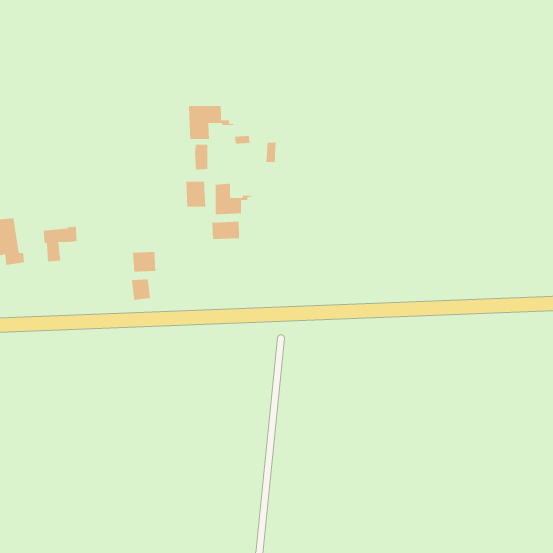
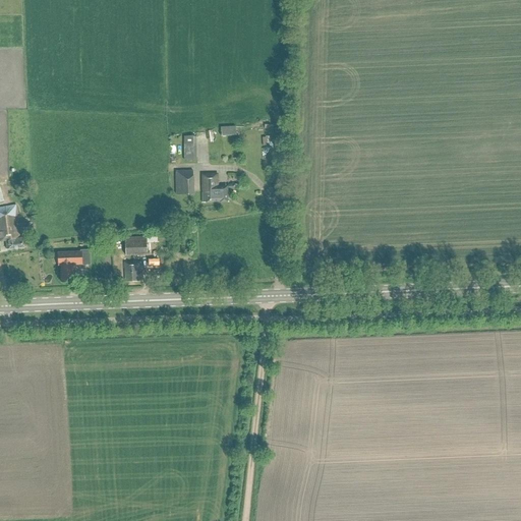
building: [188,105,234,140] -> none
building: [212,221,240,240] -> none
building: [43,226,77,262] -> [56,248,89,282]

